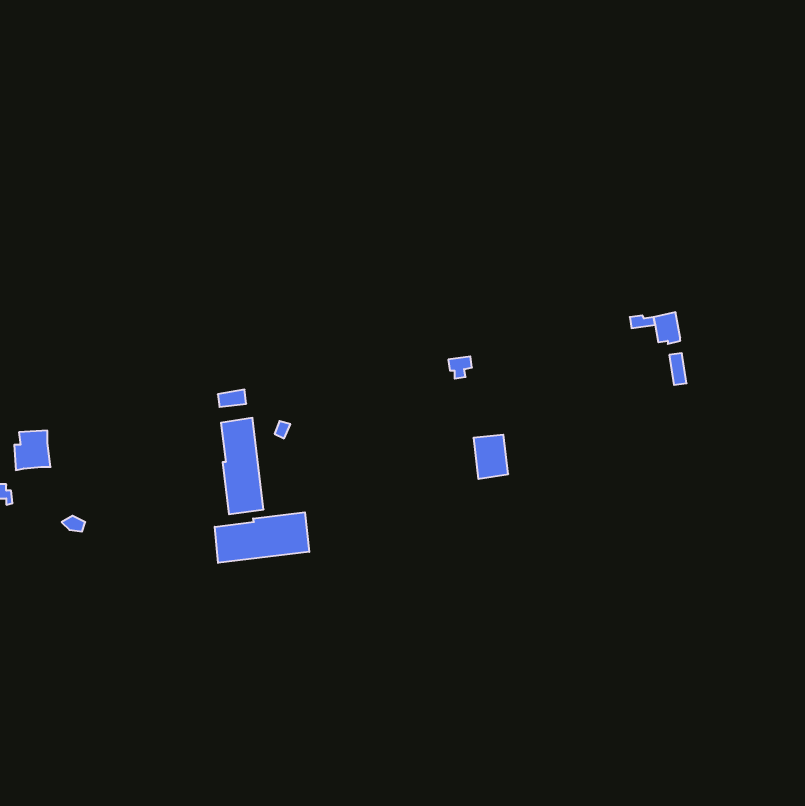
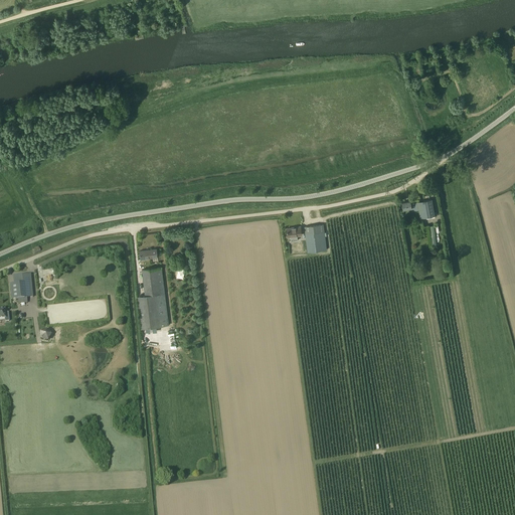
building: [473,435,508,479] -> [304,224,326,252]
building: [215,512,309,563] -> none

